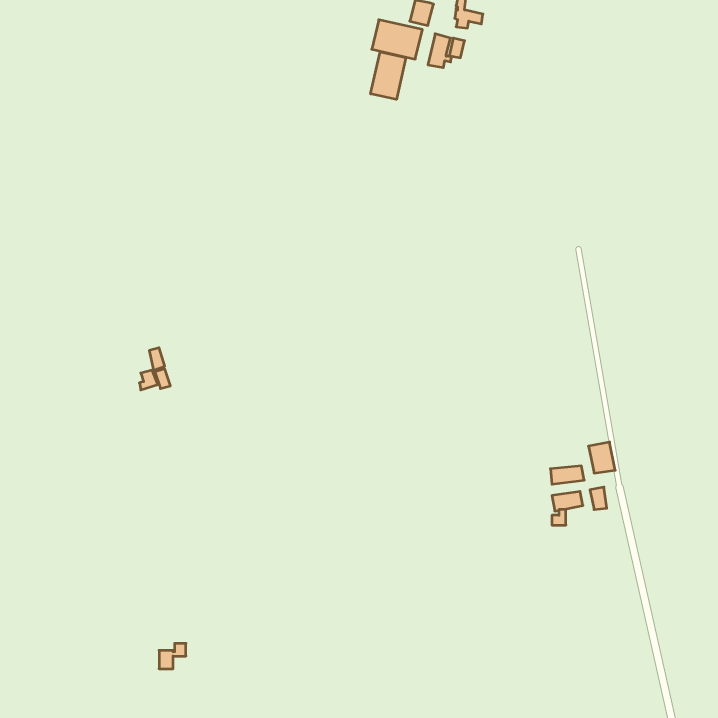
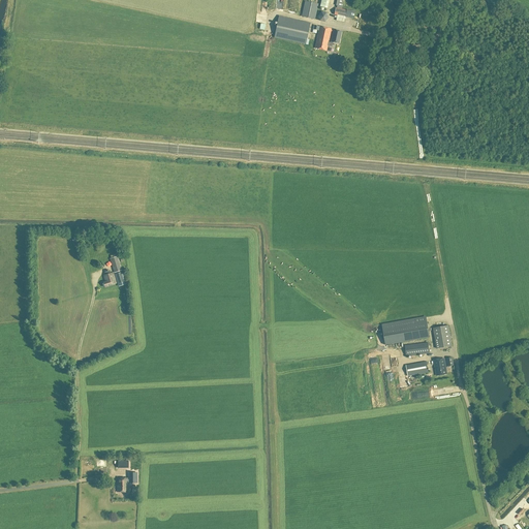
building: [371,52,406,99] -> none
building: none -> [381,316,429,344]

